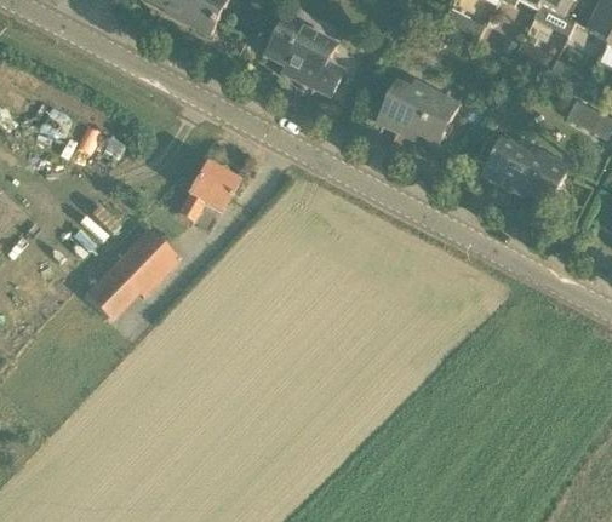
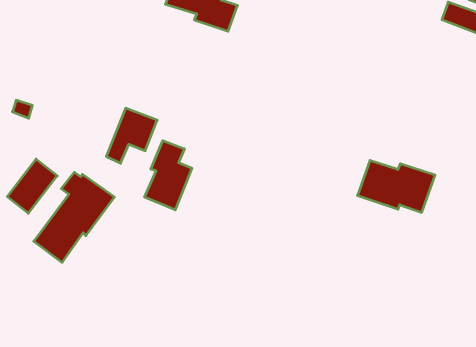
building: [378,80,459,142] -> none
building: [482,137,571,202] -> [357,160,435,212]
building: none -> [145,141,192,210]

